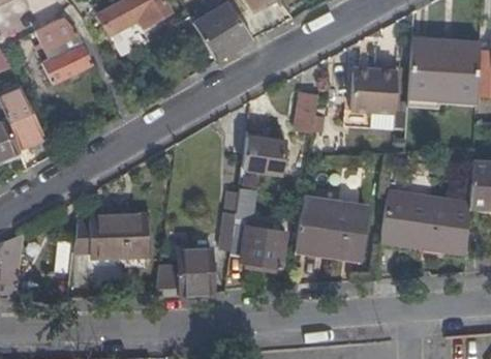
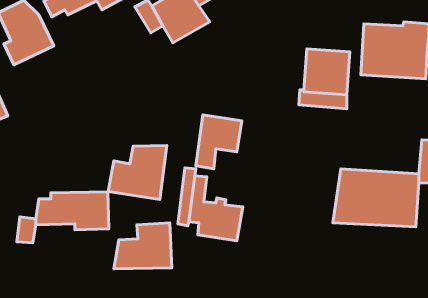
building: [291,92,319,131] -> none
building: none -> [108,145,167,200]
building: [296,199,369,261] -> none

